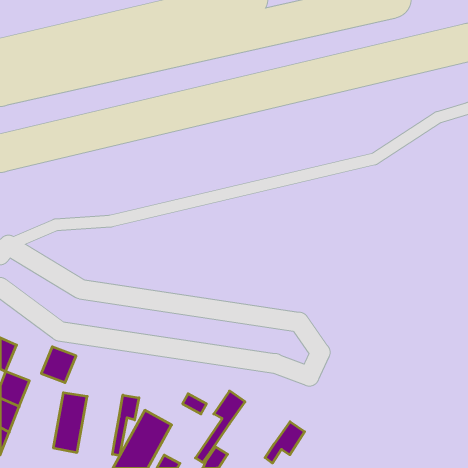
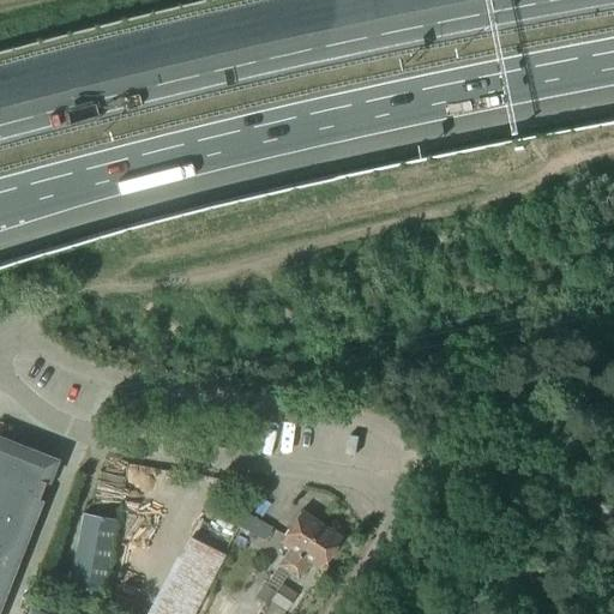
building: [41,347,76,383] -> [8,451,54,498]
building: [112,395,139,456] -> none
building: [265,422,305,463] -> [289,525,341,579]

